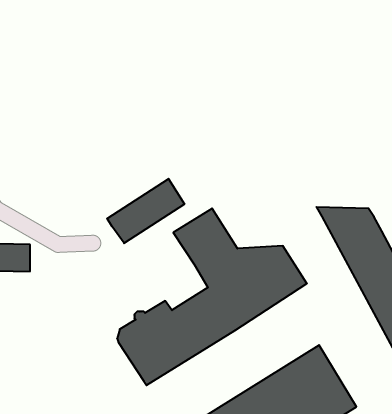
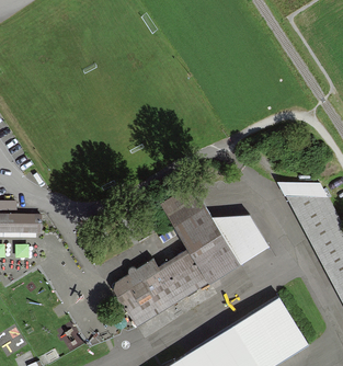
building: [107,179,184,243] -> none

